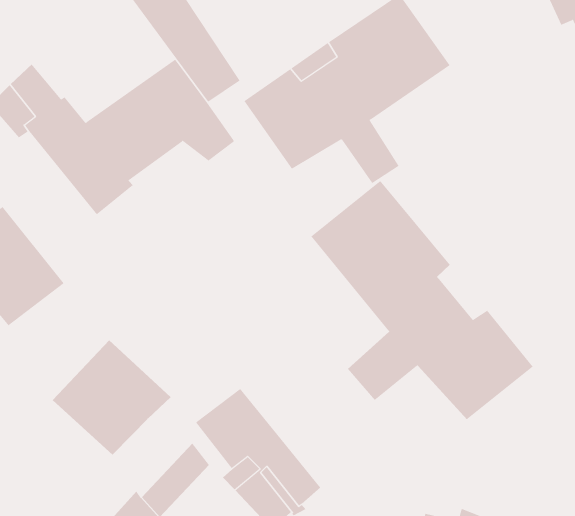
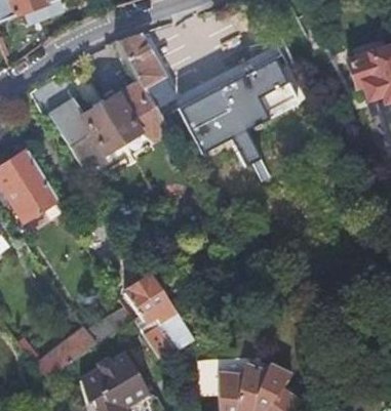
building: [310,180,533,420] -> none
building: [52,339,172,455] -> none

